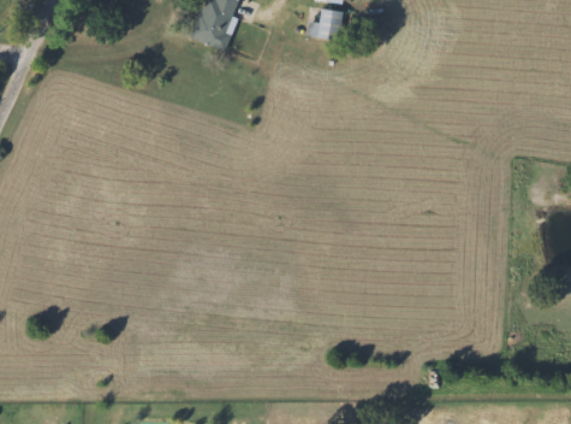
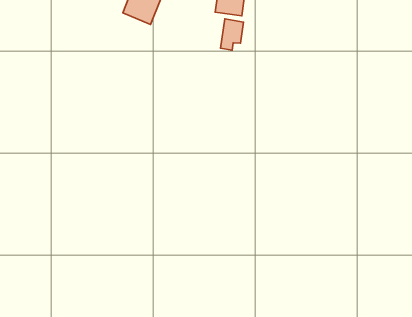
building: none -> [221,19,243,50]

